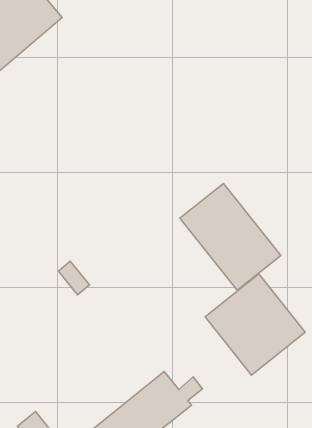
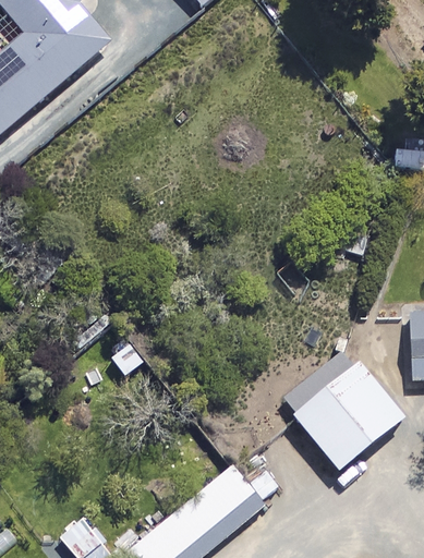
building: [180,184,281,290] -> none

